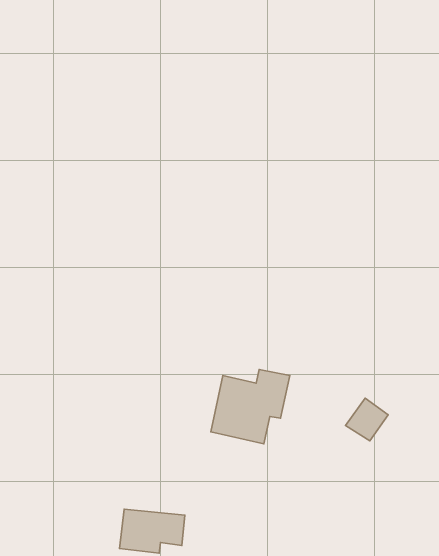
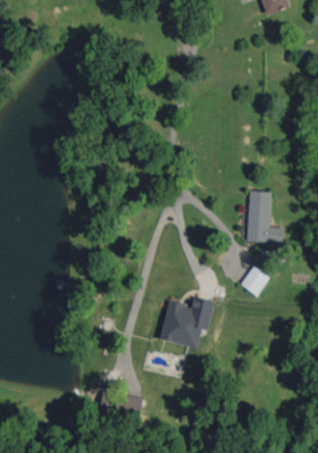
building: none -> [247,190,283,243]
building: [346,398,388,441] -> [240,266,268,295]

